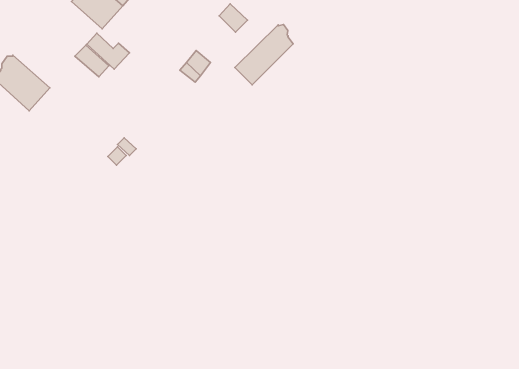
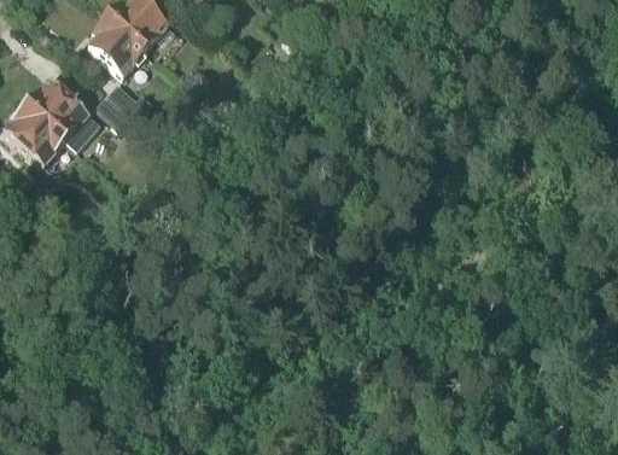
building: [235,24,293,85] -> none
building: none -> [25,81,100,151]

